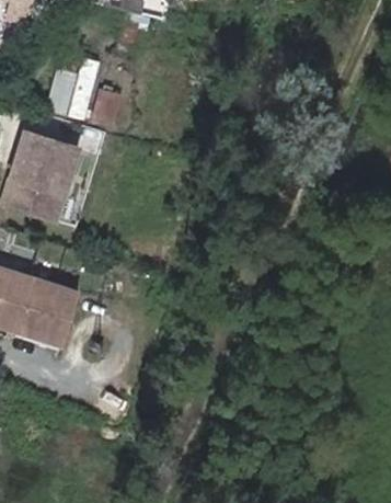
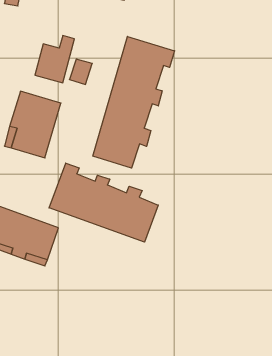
building: none -> [93,36,175,168]
building: none -> [49,163,158,242]

